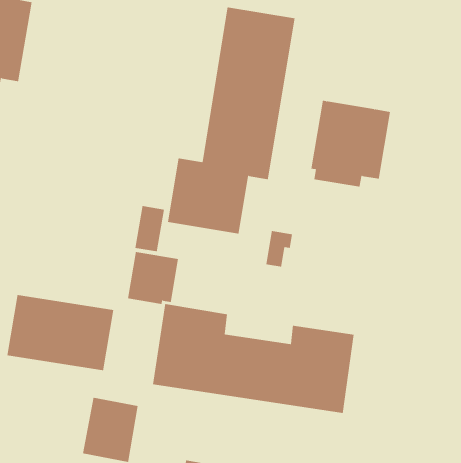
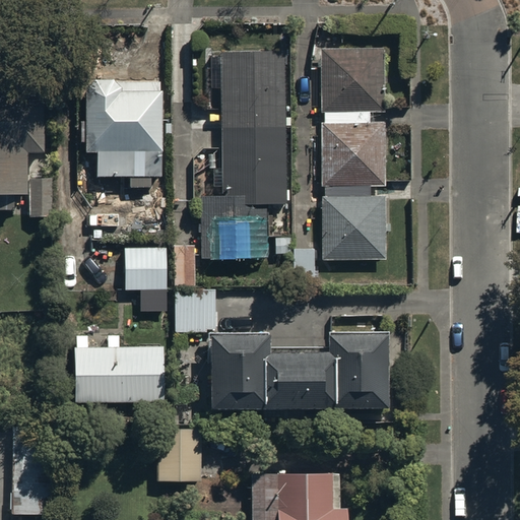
building: none -> [83,79,162,188]
building: none -> [321,50,384,124]
building: none -> [321,197,384,260]
building: none -> [125,248,168,309]

